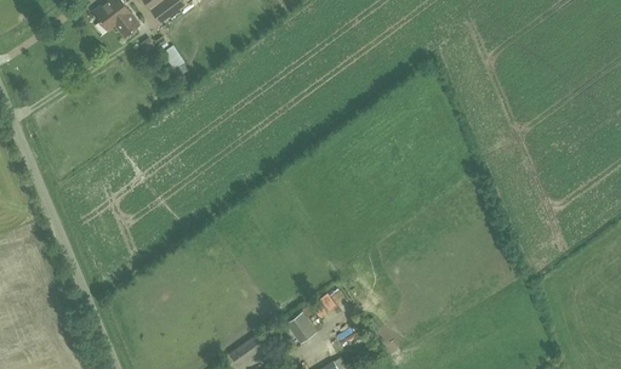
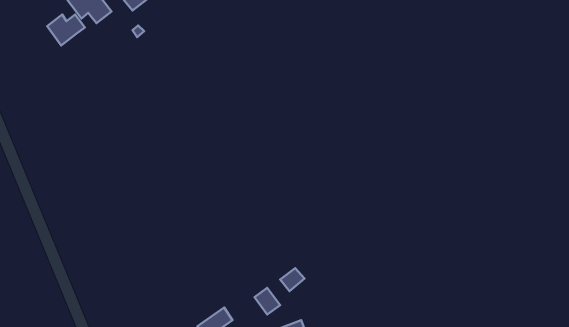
building: none -> [47,15,85,46]

